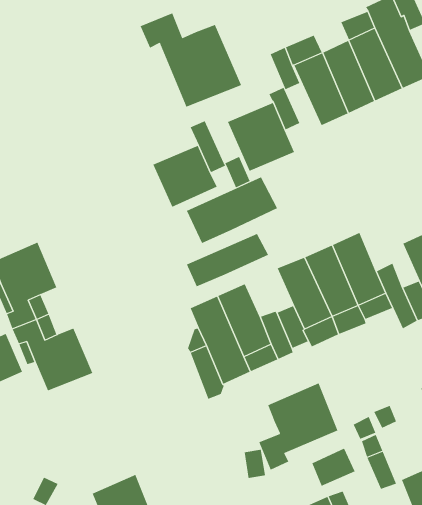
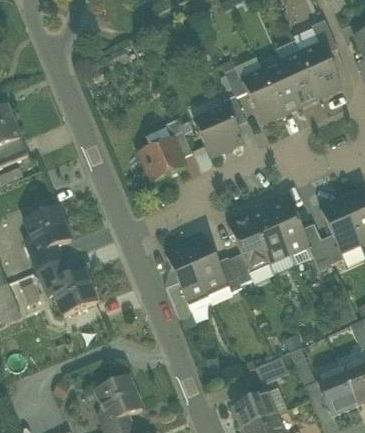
building: [140,12,242,108] -> none
building: [186,176,278,244] -> none
building: [186,233,269,287] -> none
building: [259,382,338,470] -> none

